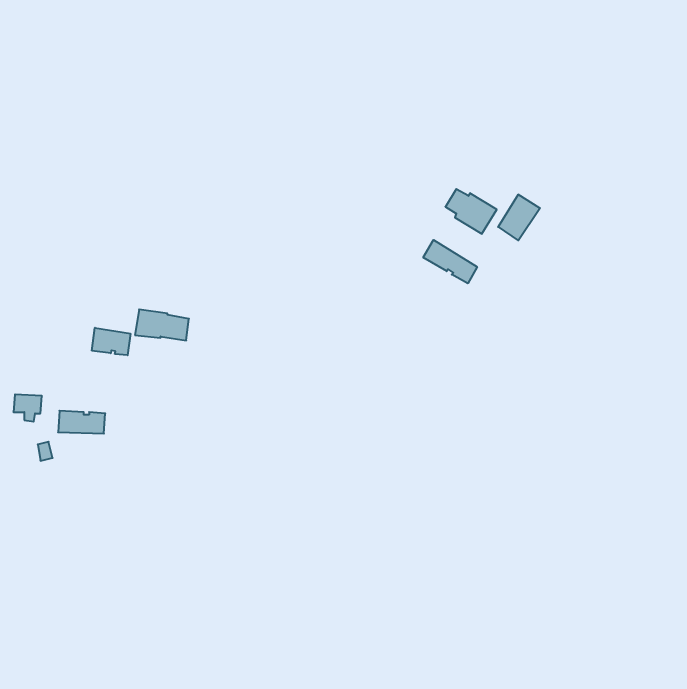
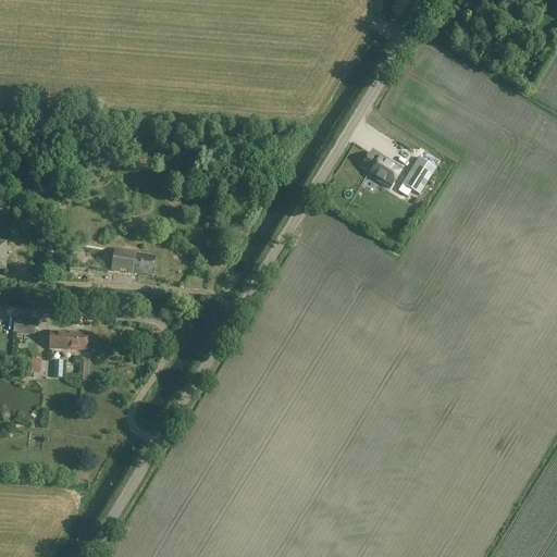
building: [423,240,477,283] -> none
building: [92,328,130,355] -> none

